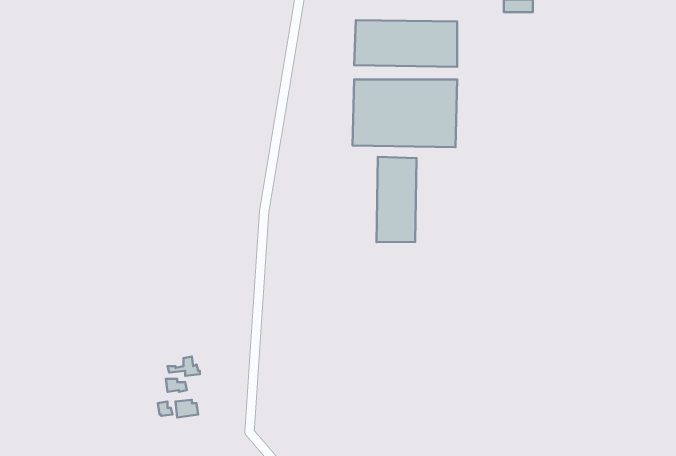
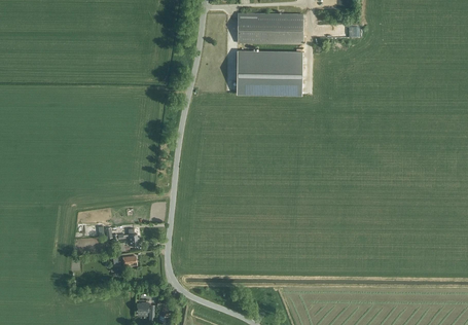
building: [377,157,416,242] -> none

